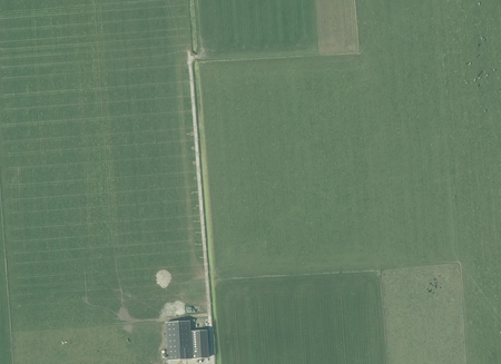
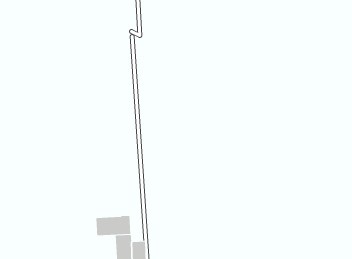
building: none -> [96,215,131,236]

